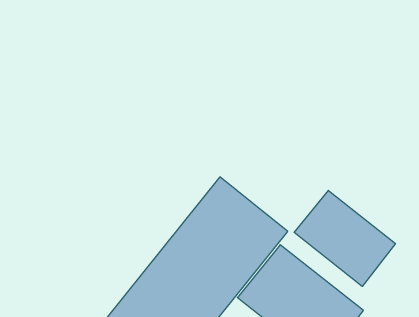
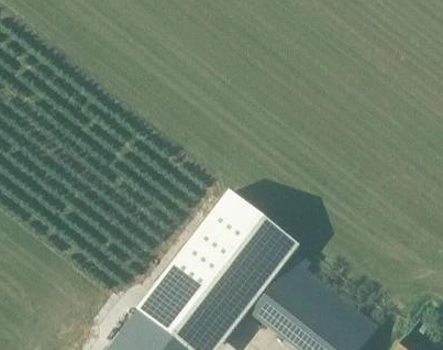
building: [294,190,395,286] -> none

